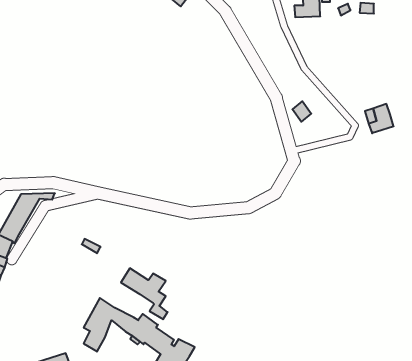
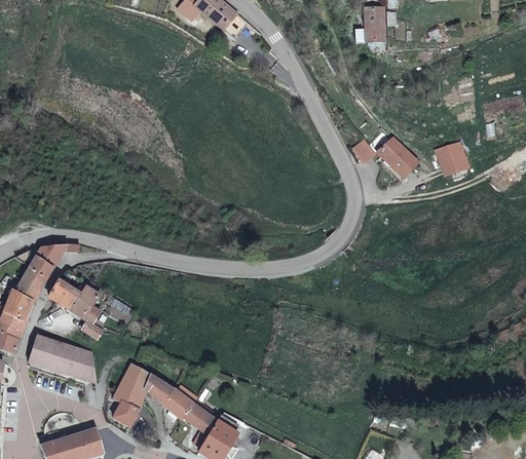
building: none -> [376,137,418,178]
building: [121,268,168,319] -> [48,279,102,338]
building: none -> [28,335,96,380]

